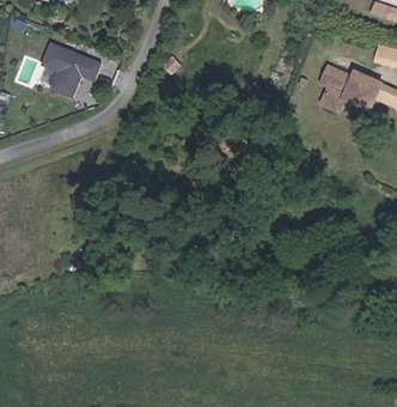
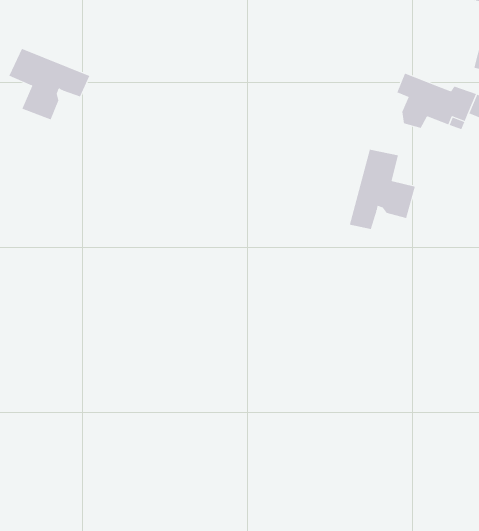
building: none -> [349,149,416,230]

